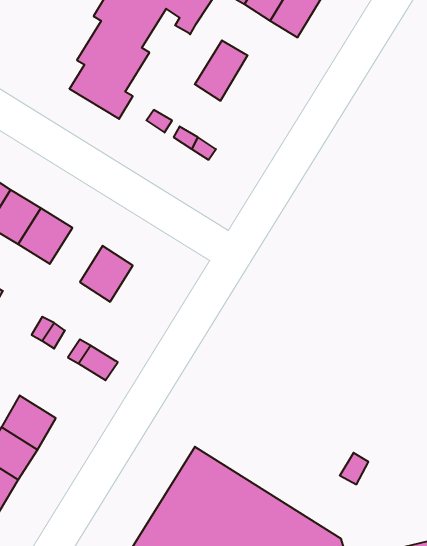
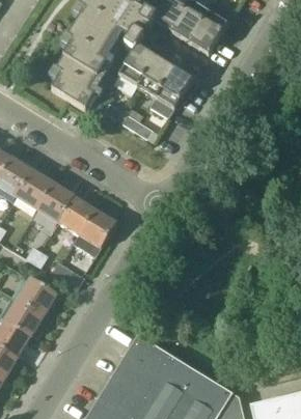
building: none -> [118,45,156,86]
building: none -> [149,66,192,117]
building: none -> [37,185,74,222]
building: none -> [79,211,115,249]
building: none -> [17,278,55,315]

